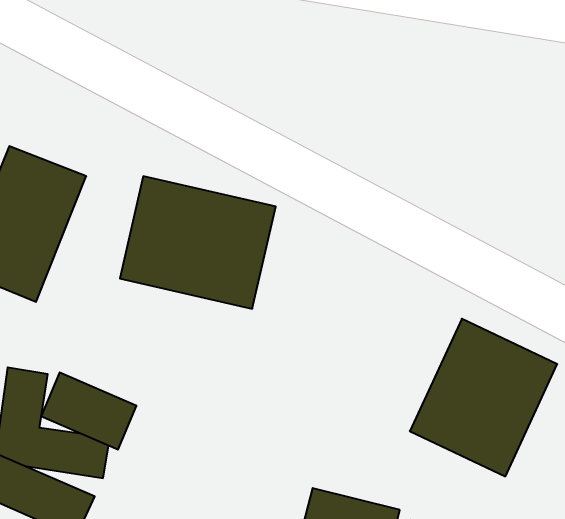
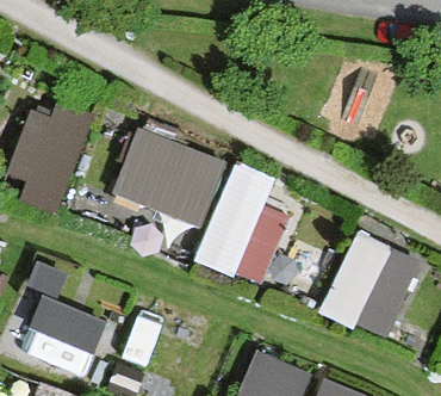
building: none -> [191,160,292,287]

